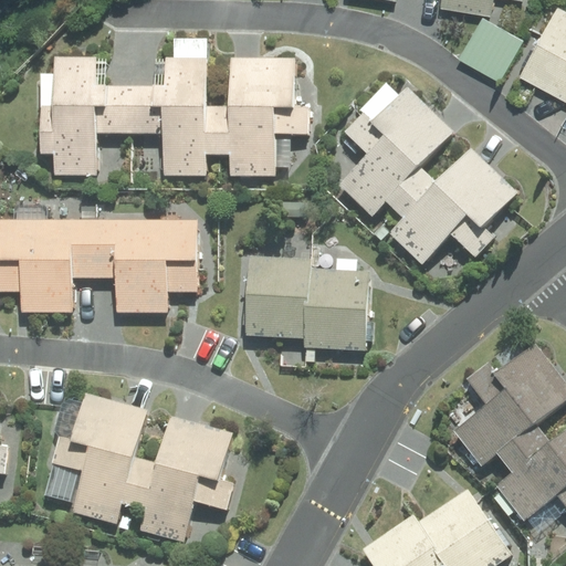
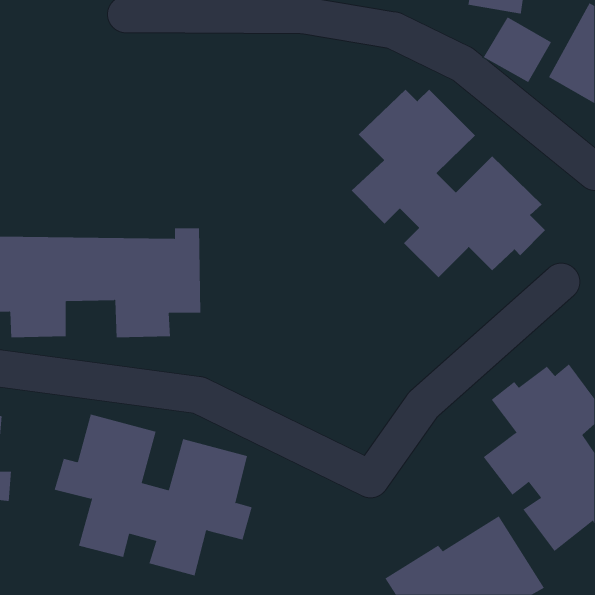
building: [42,39,312,178] -> none
building: [247,255,371,363] -> none

